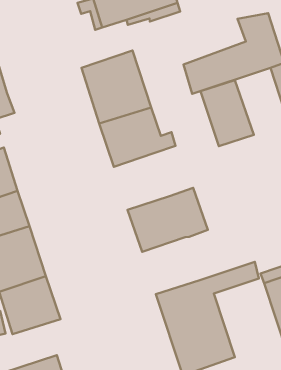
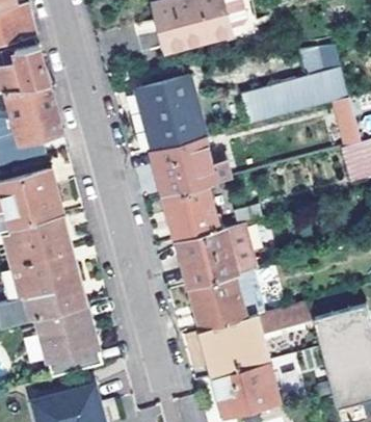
building: [201,80,254,146] -> none
building: none -> [163,184,219,241]
building: none -> [187,273,245,331]

